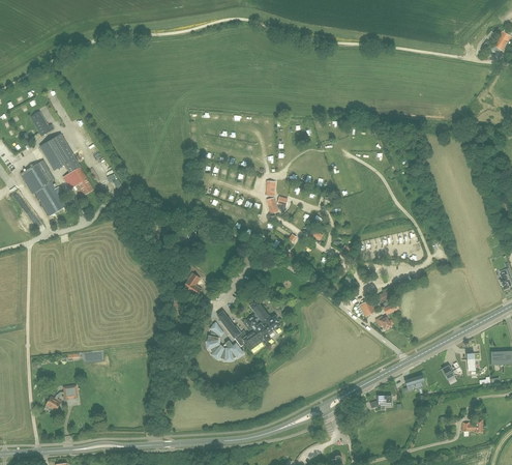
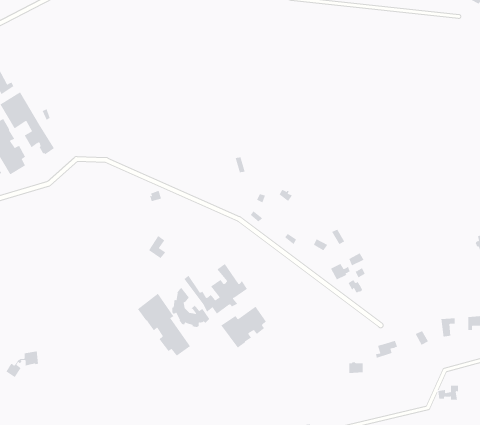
building: none -> [137,293,191,356]
building: none -> [221,306,267,348]

